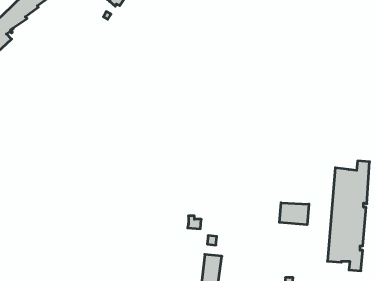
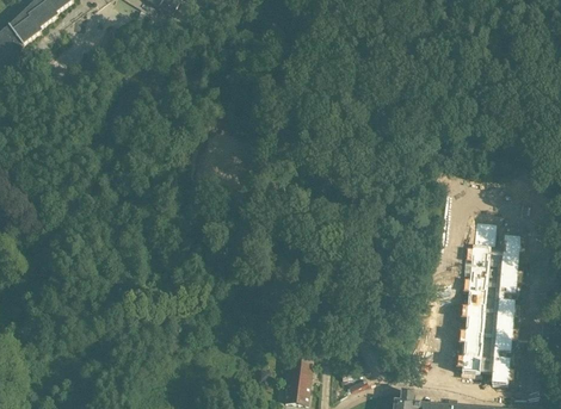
building: [279,203,309,225] -> none

